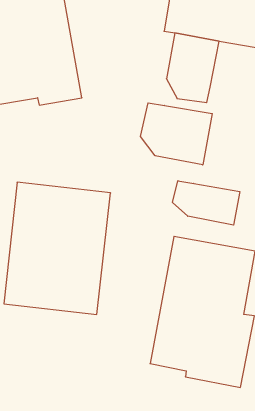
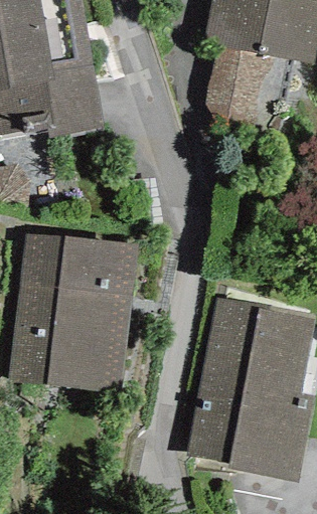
building: [140,103,212,165] -> none
building: [173,181,240,225] -> none

